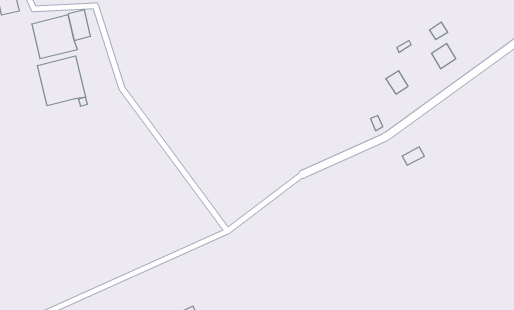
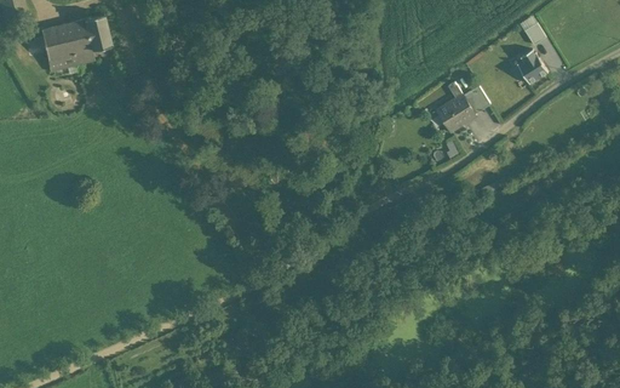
building: [37,56,85,106] -> none
building: none -> [436,81,475,132]

